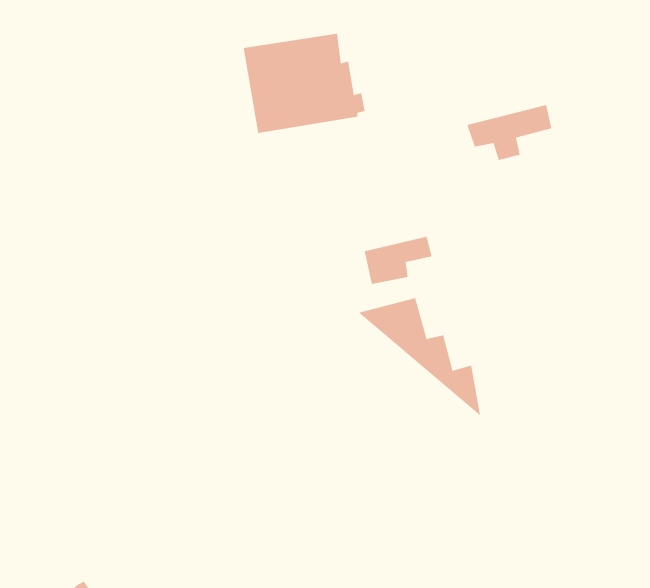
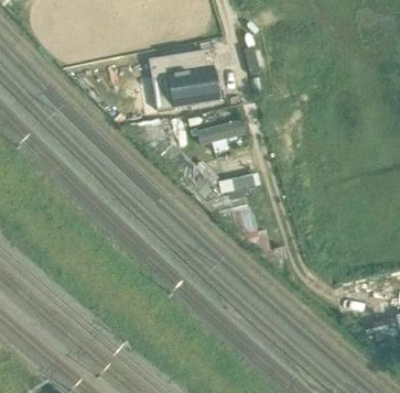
building: [467,104,552,160] -> [196,120,247,153]

